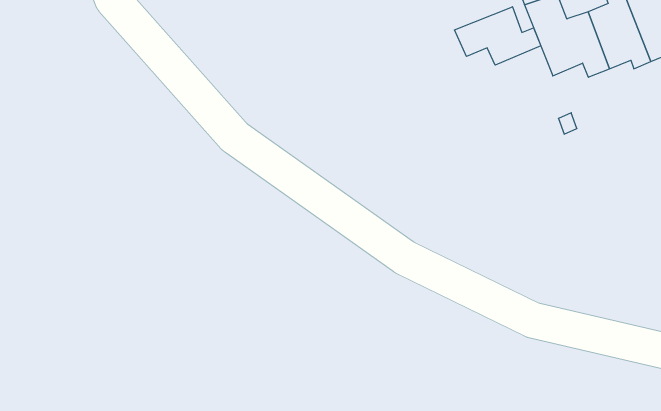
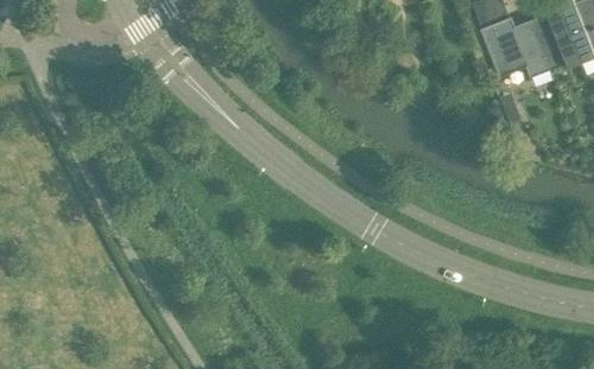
building: [455,7,541,65] -> none

